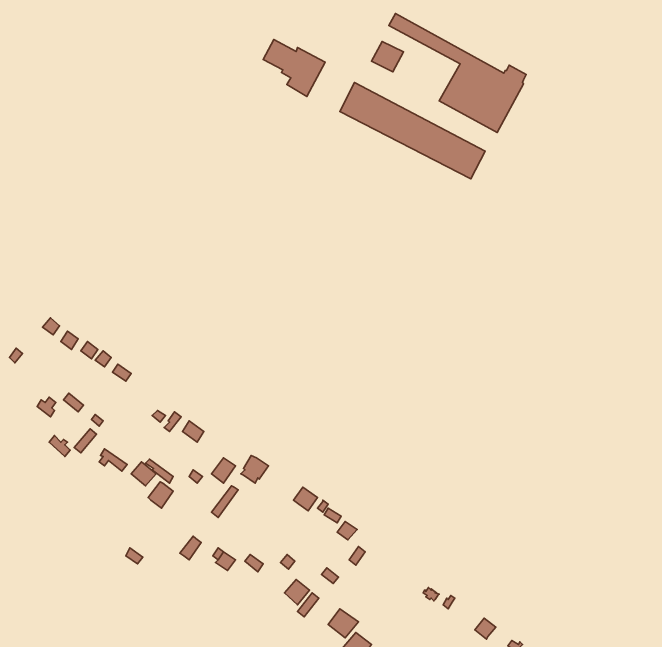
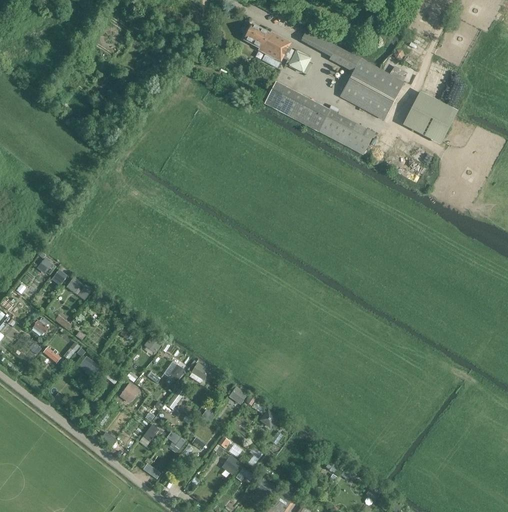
building: [263,40,325,96] -> [243,25,290,68]
building: none -> [404,93,459,145]

